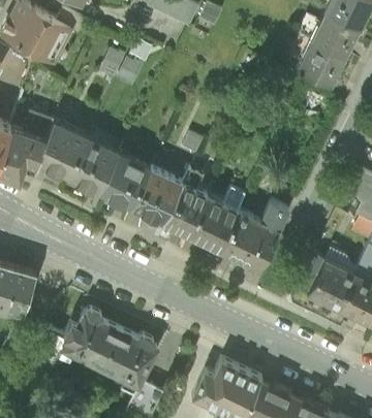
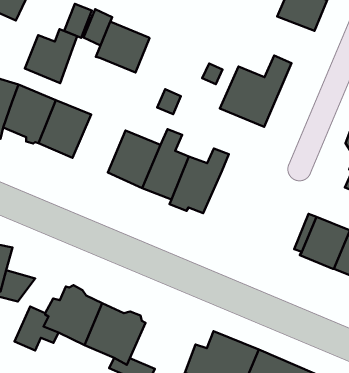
building: none -> [96,22,150,72]
building: none -> [25,29,77,83]
building: [99,152,150,206] -> none
building: [218,203,287,269] -> [220,55,291,127]

